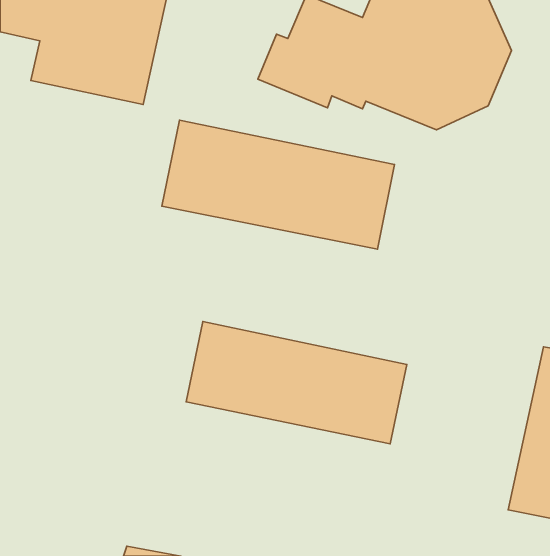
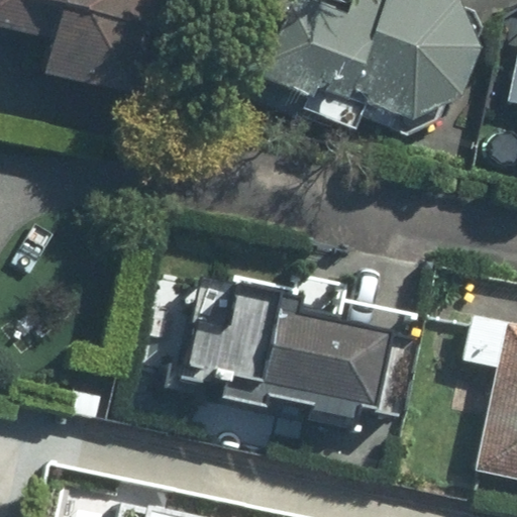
building: [162,120,395,249] -> none

